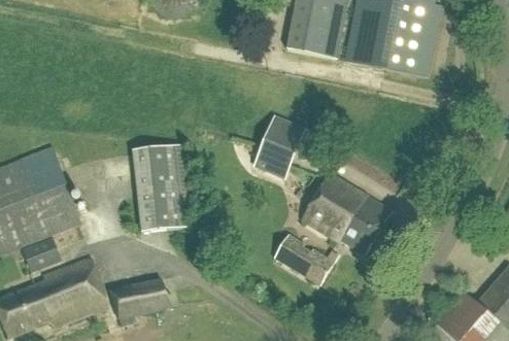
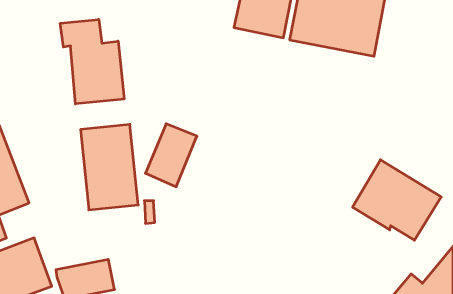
building: none -> [60,19,124,104]
building: [253,115,305,178] -> [145,124,197,187]
building: [300,171,388,251] -> [353,160,441,240]
building: [274,234,338,284] -> none

